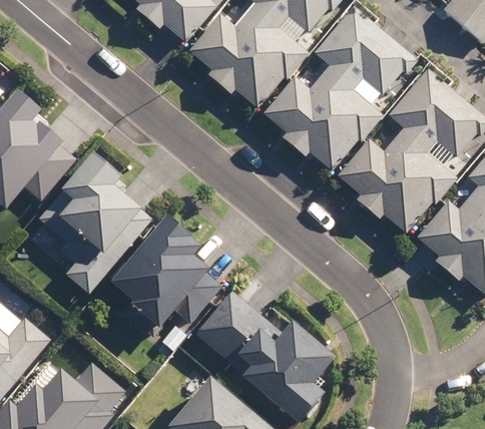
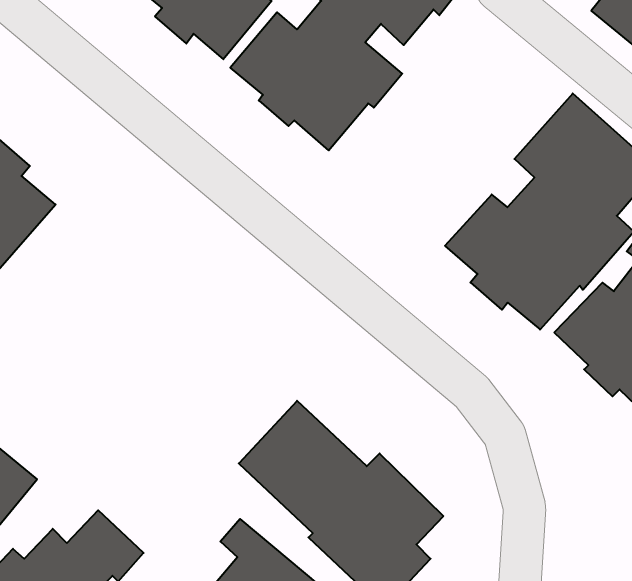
building: [265,7,417,171] -> none
building: [38,152,143,293] -> none
building: [109,216,208,331] -> none

